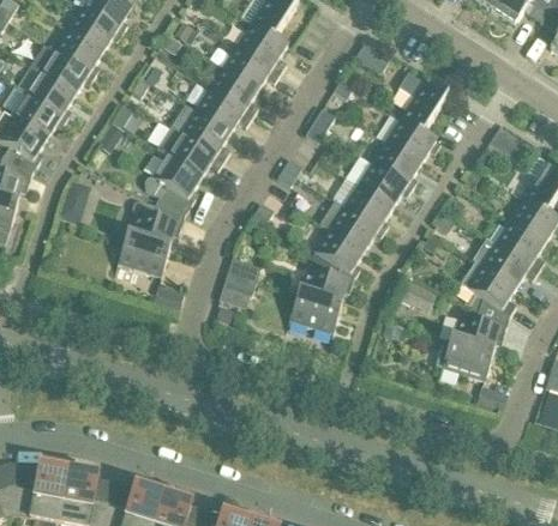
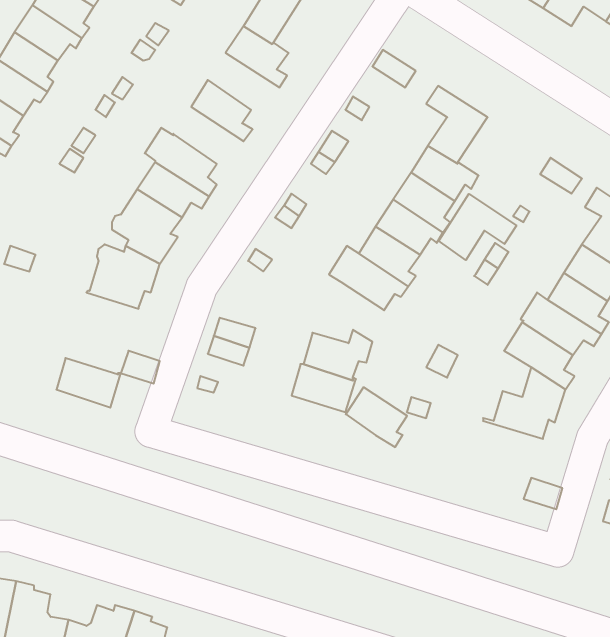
building: [222,43,280,89] -> none
building: [194,86,251,132] -> none
building: none -> [438,194,516,260]
building: [314,226,364,274] -> [346,387,407,447]
building: [118,235,169,274] -> [56,358,121,408]
building: [436,338,492,377] -> none

